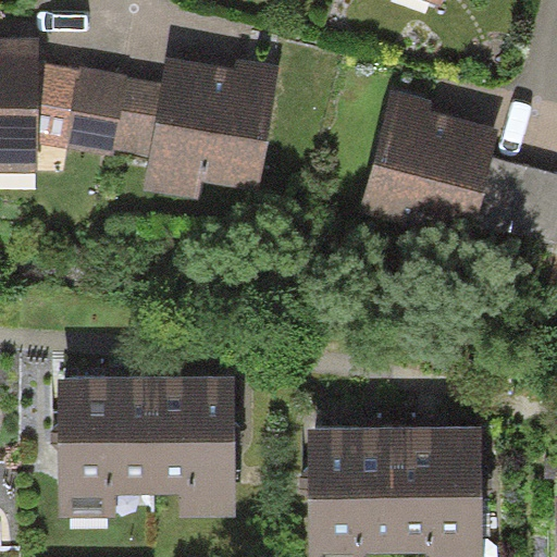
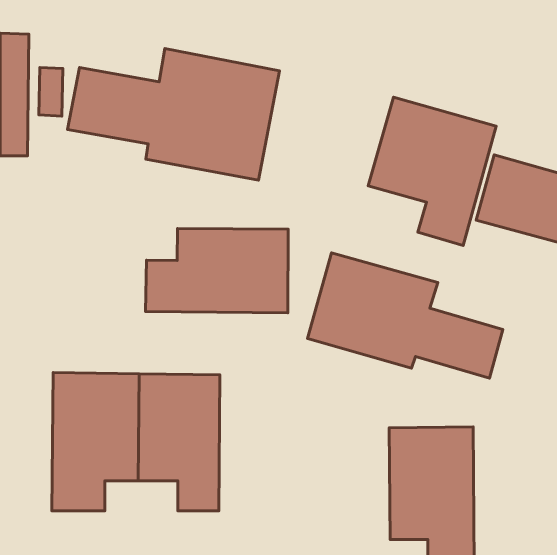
building: none -> [146,228,288,313]
building: none -> [307,253,503,378]
building: [309,431,392,542] -> none

